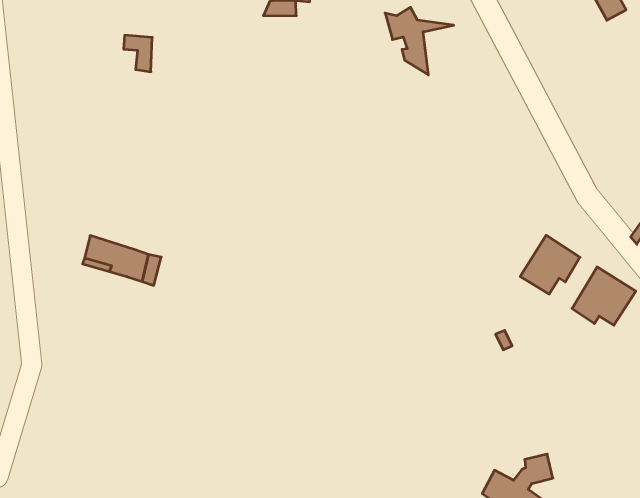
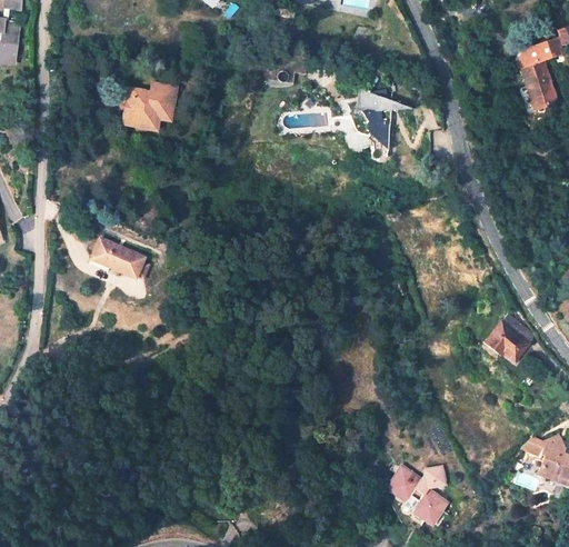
building: none -> [122,87,156,123]
building: [520,235,580,294] -> none

